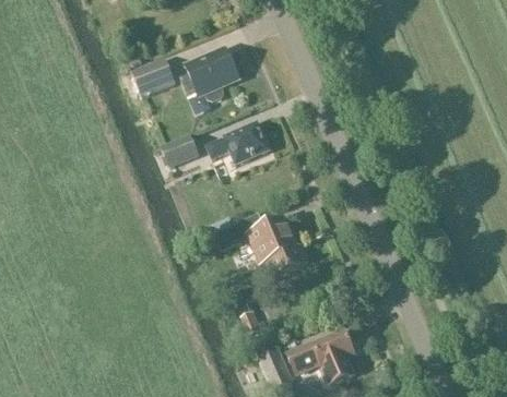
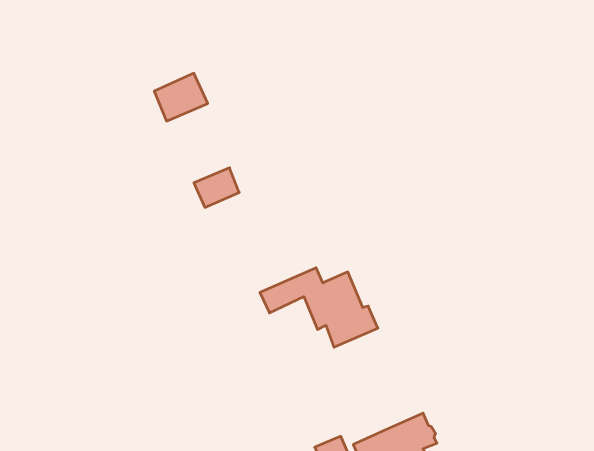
building: [177,50,237,104] -> none
building: [205,122,269,164] -> none

